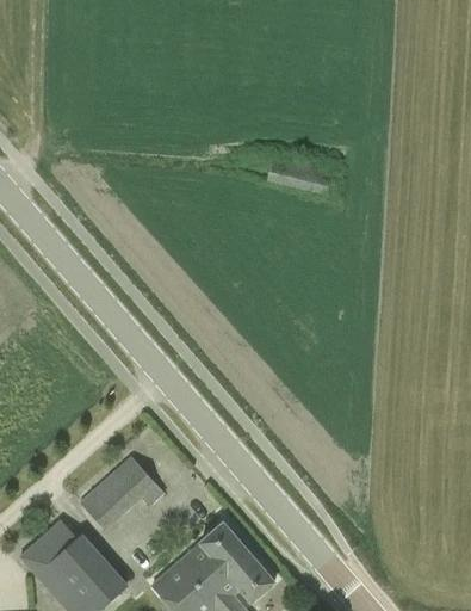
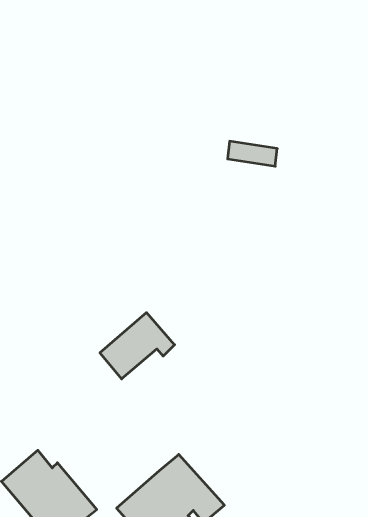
building: [80,456,166,532] -> [100,313,175,379]

